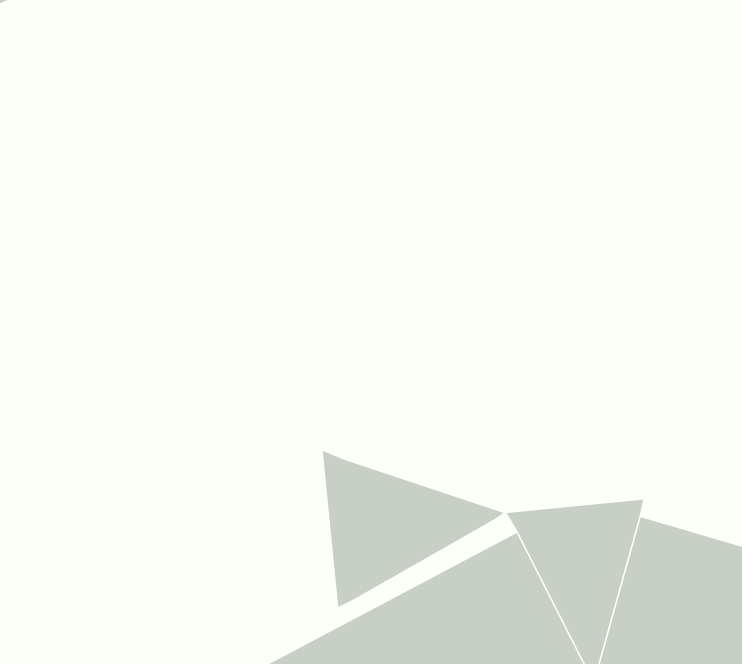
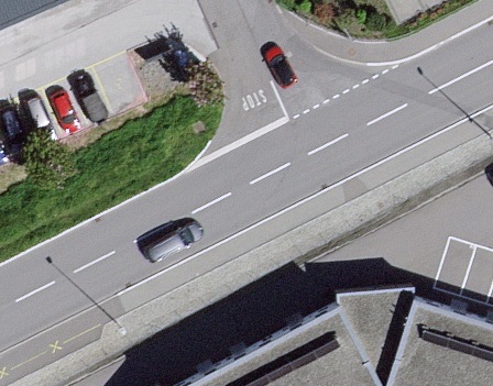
building: [322,450,506,608] -> none

